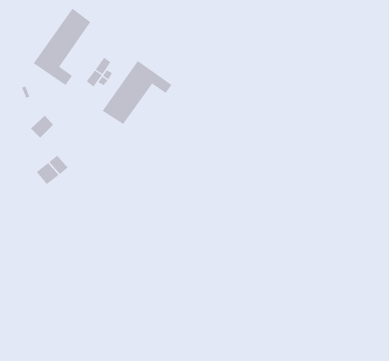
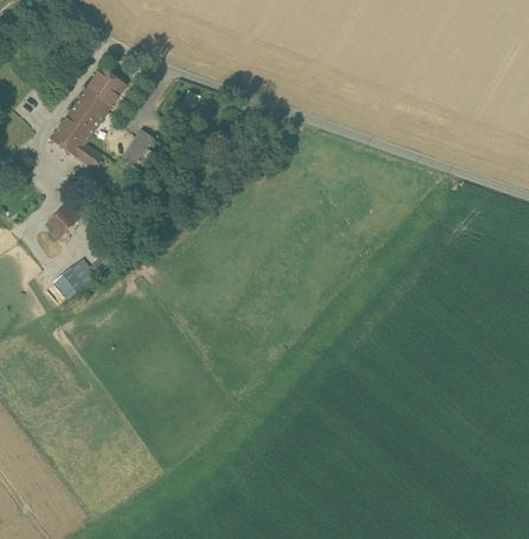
building: [102,60,172,125] -> none

